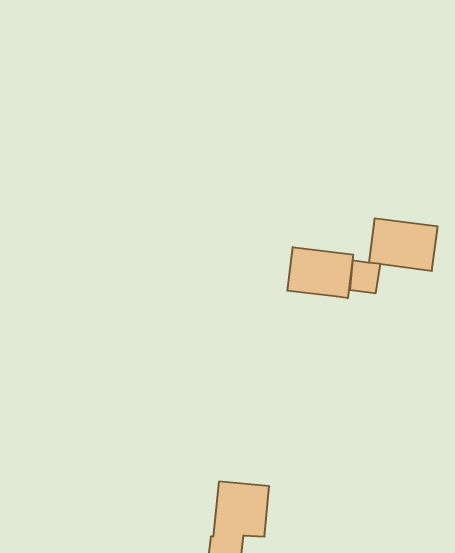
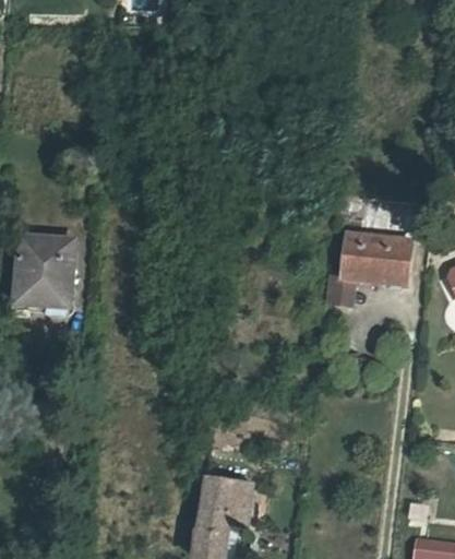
building: none -> [22,241,77,311]
building: [287,247,353,298] -> none

